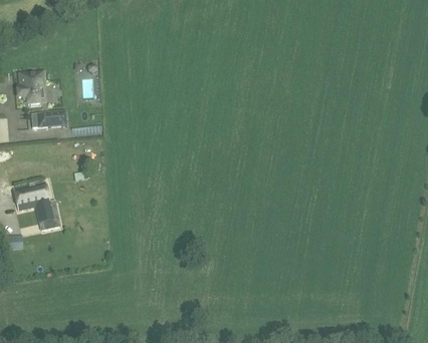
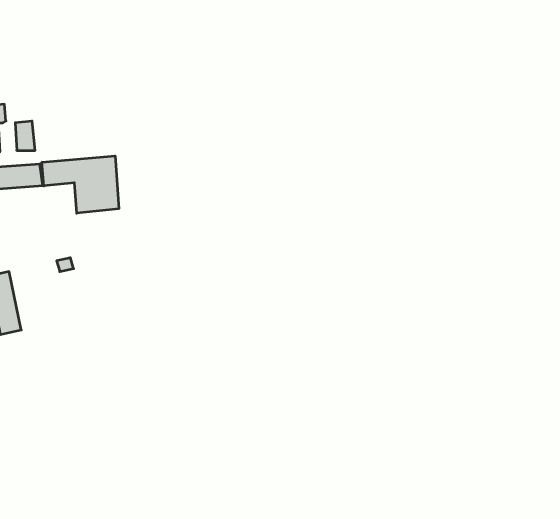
building: none -> [42,156,119,213]

